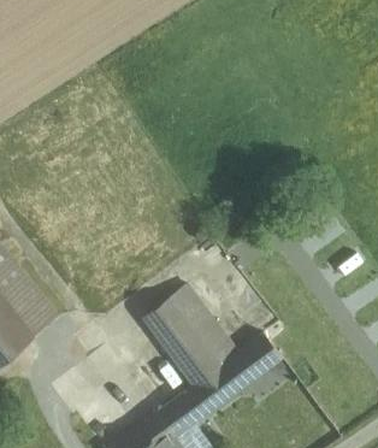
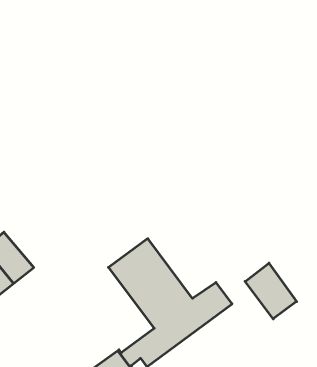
building: none -> [245,263,297,319]

